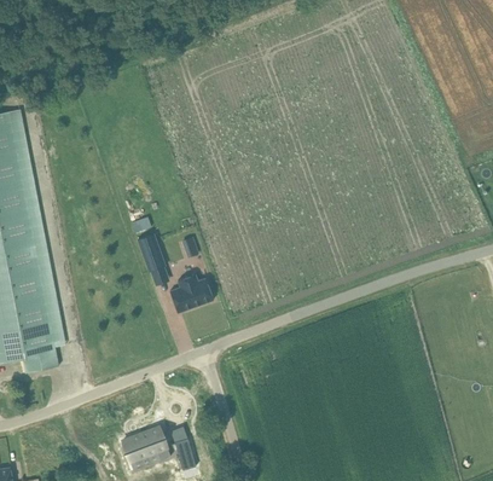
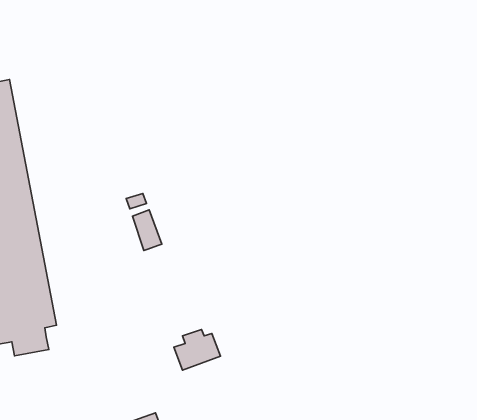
building: [169,274,214,313] -> [174,330,221,370]

